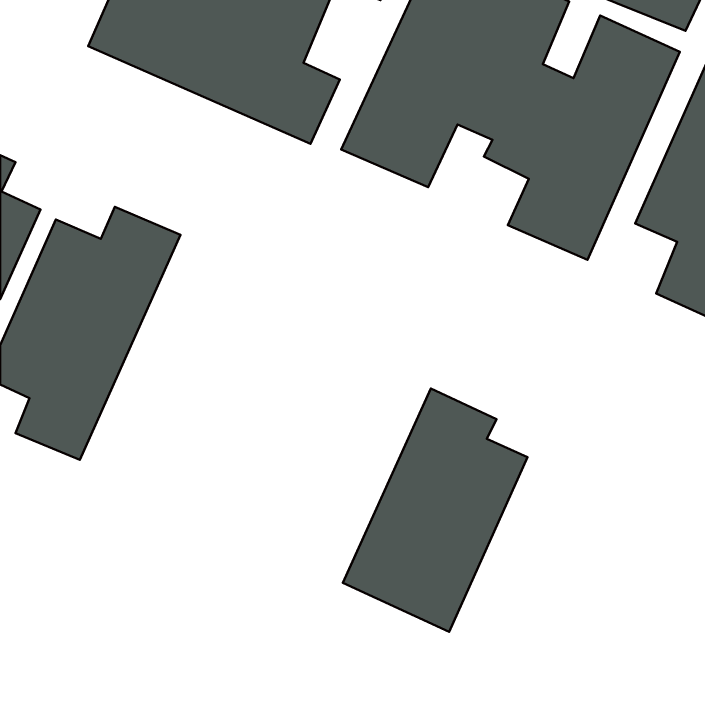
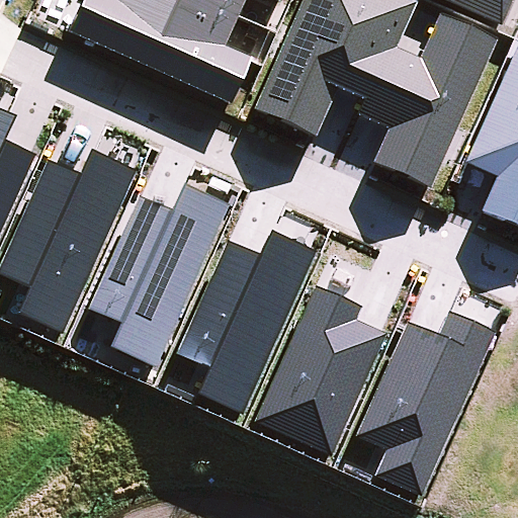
building: none -> [91,183,231,367]
building: none -> [176,230,318,417]
building: none -> [358,312,495,497]

